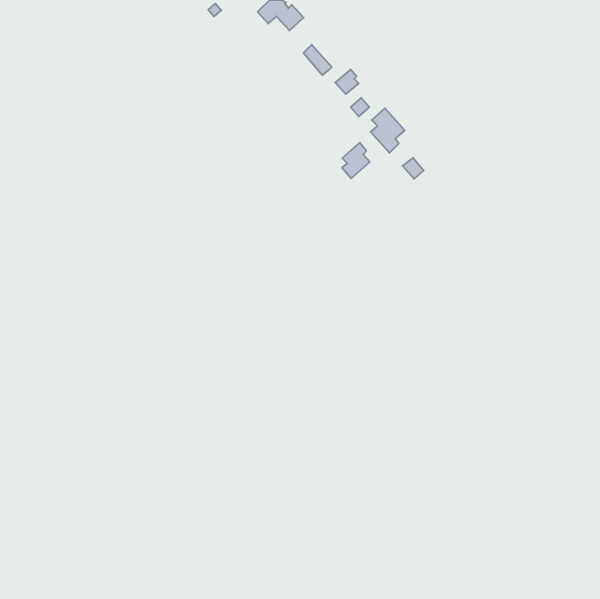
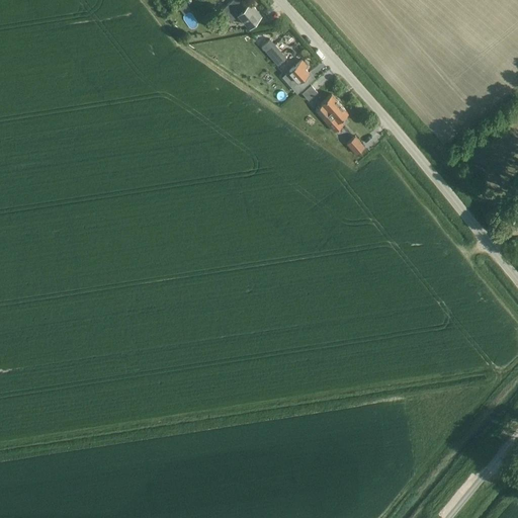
building: [342,143,370,178] -> none

